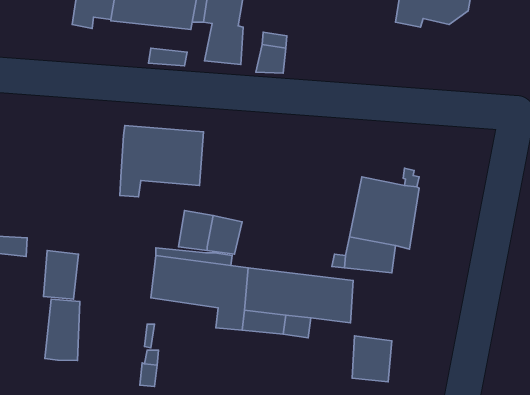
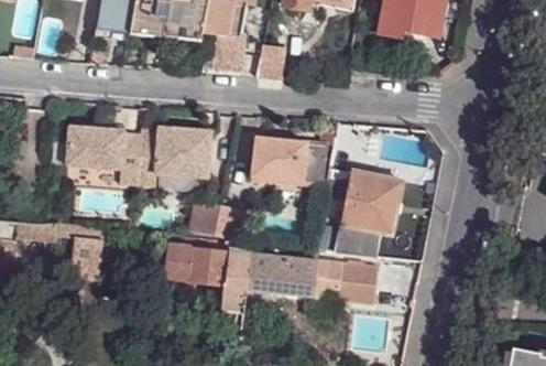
building: none -> [66,127,140,171]
building: none -> [252,139,326,184]
building: [45,299,80,360] -> none
building: [352,336,392,382] -> [340,262,375,303]

